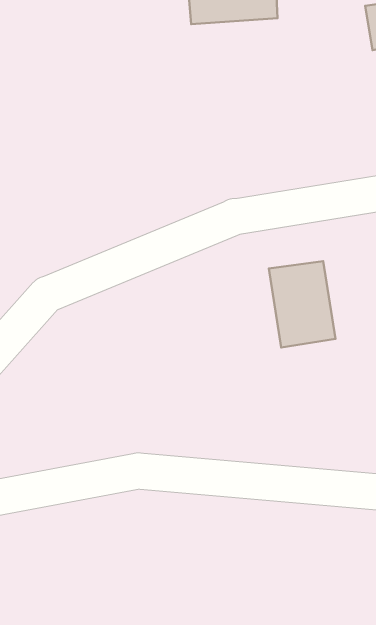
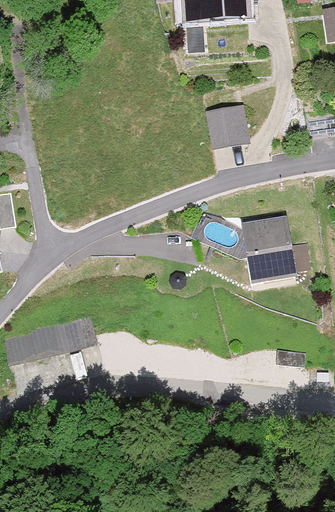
building: none -> [205,102,249,148]

